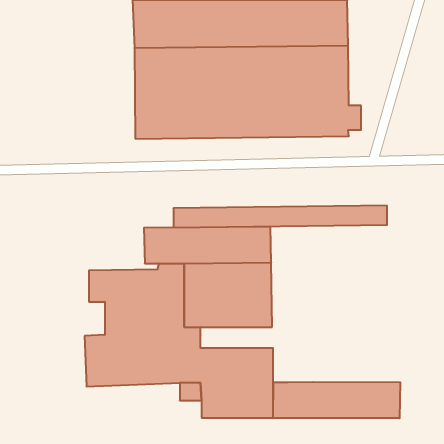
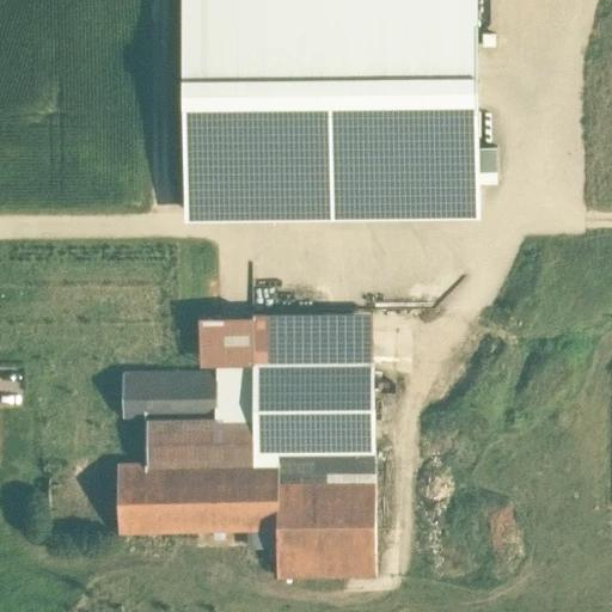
building: [173,206,387,227] -> [185,189,478,219]
building: none -> [275,451,374,479]
building: [273,382,400,418] -> none

